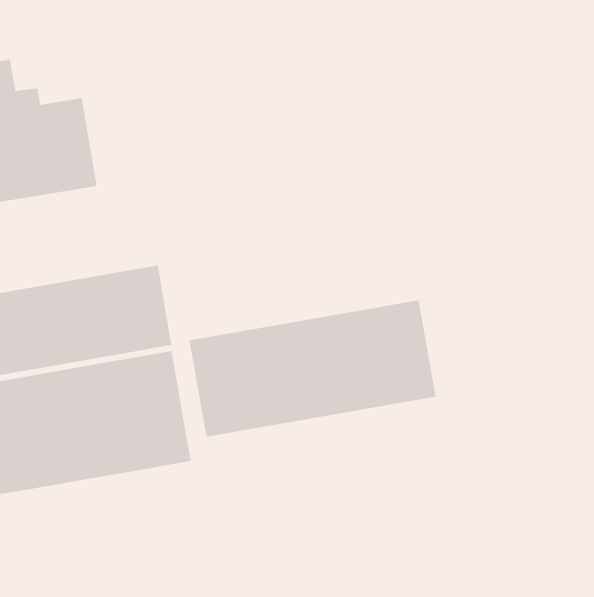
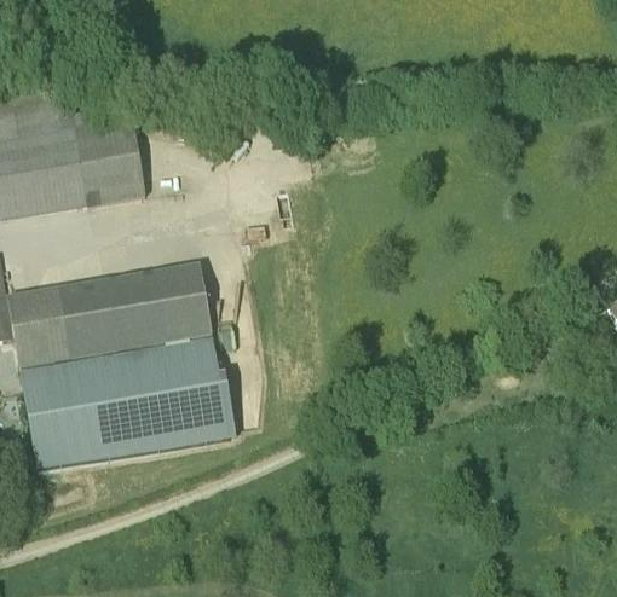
building: [189,300,436,437] -> none

